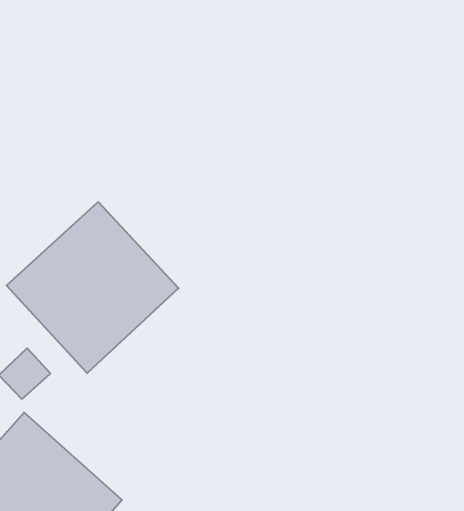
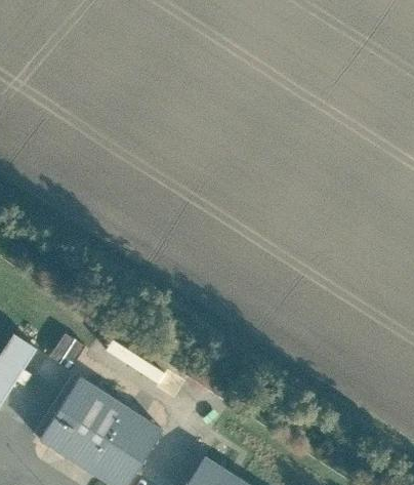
building: [7,202,179,373] -> none

